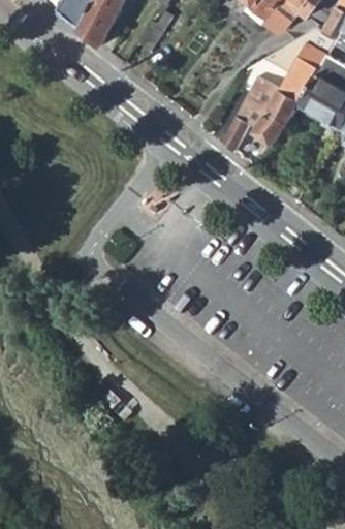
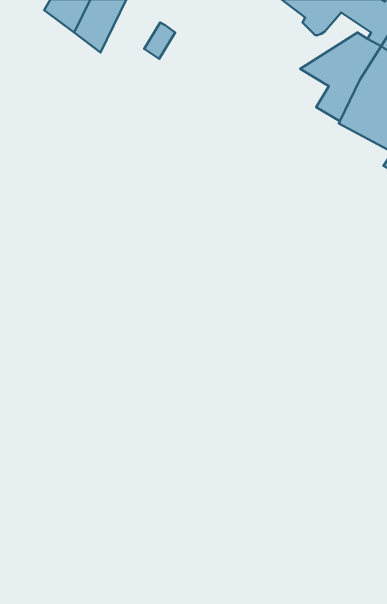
building: [221,76,299,153] -> none

